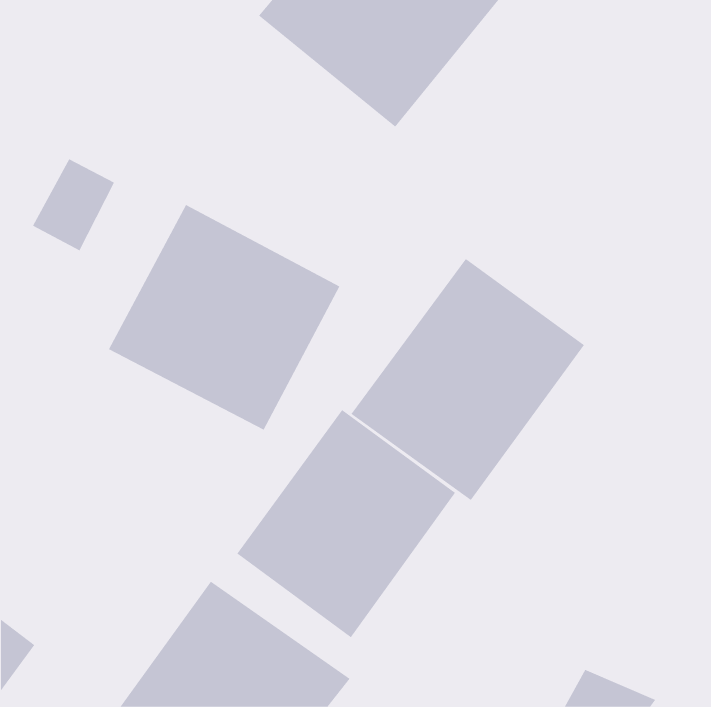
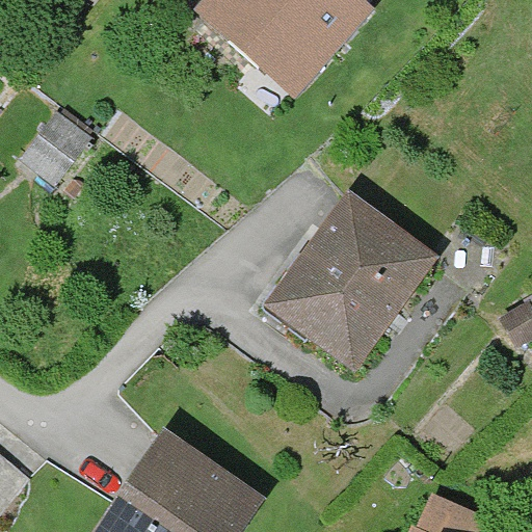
building: [108,204,340,431] -> none
building: [237,409,456,638] -> none

